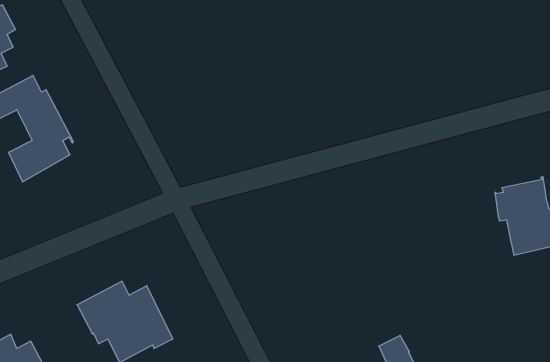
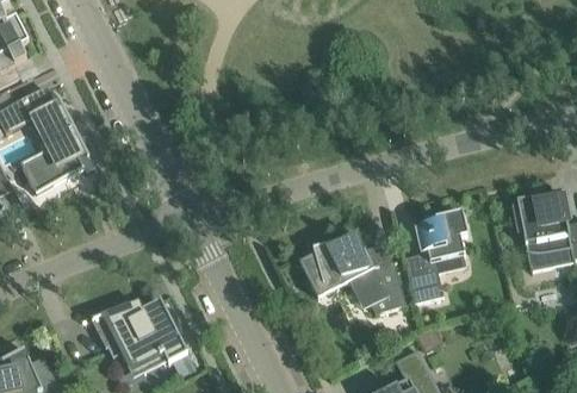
building: none -> [405,211,467,302]
building: none -> [299,236,405,313]

